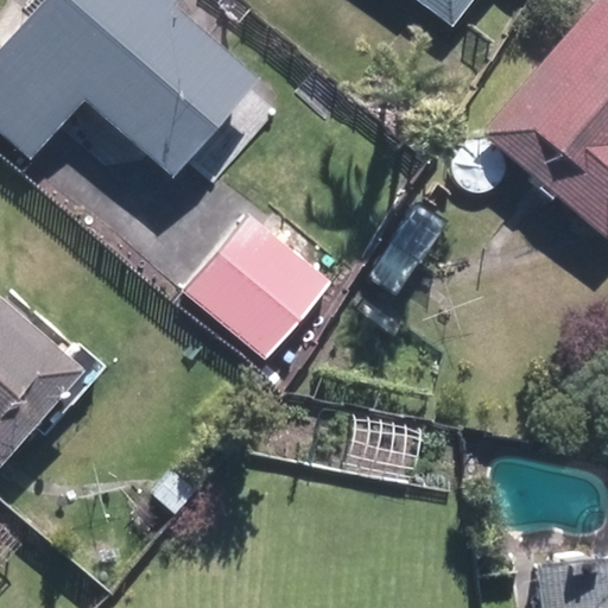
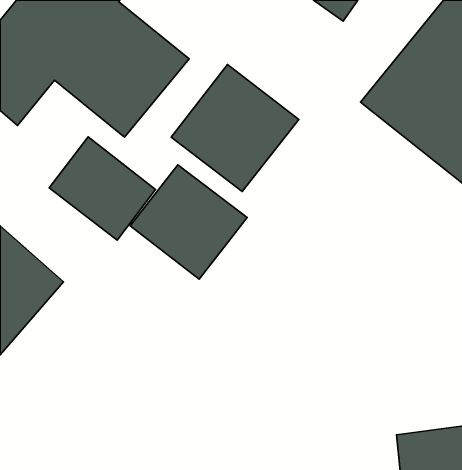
building: none -> [171,64,299,191]
building: none -> [49,137,156,240]

